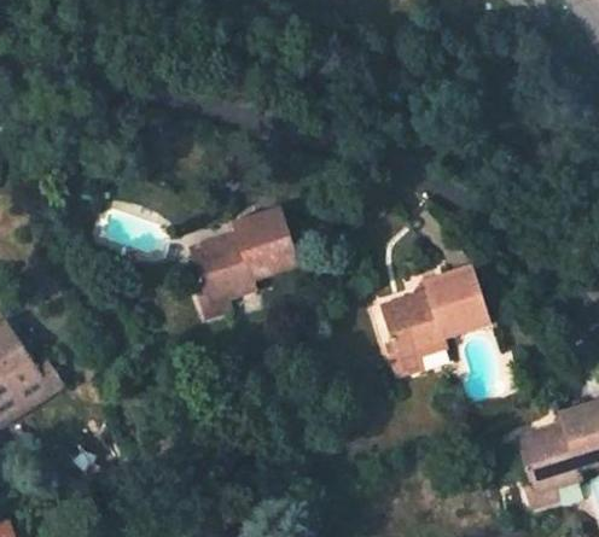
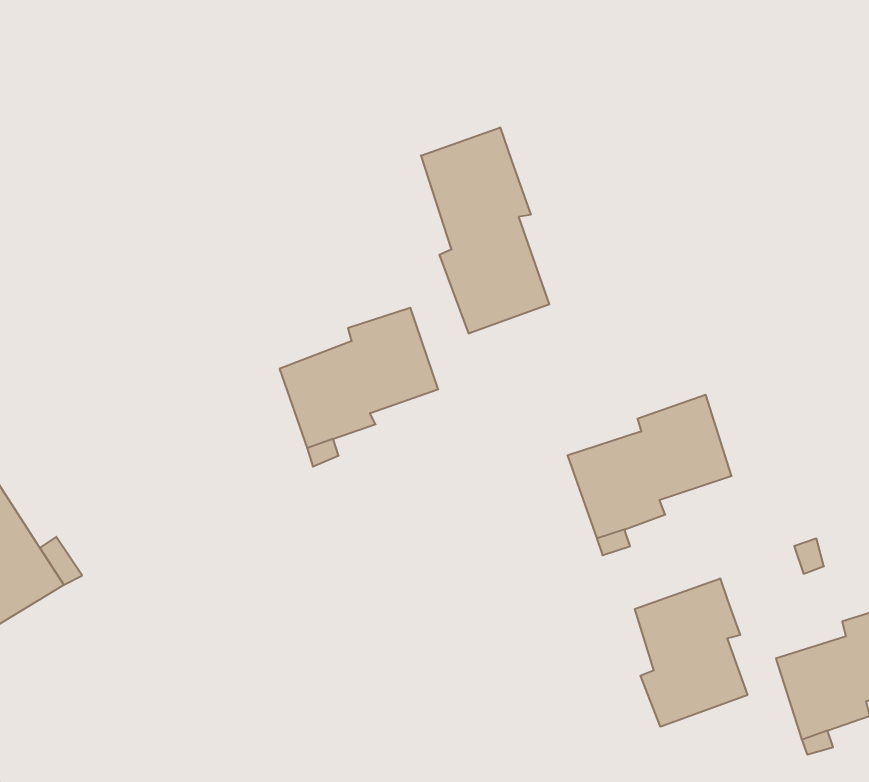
building: none -> [421,127,549,334]
building: none -> [635,578,747,727]

